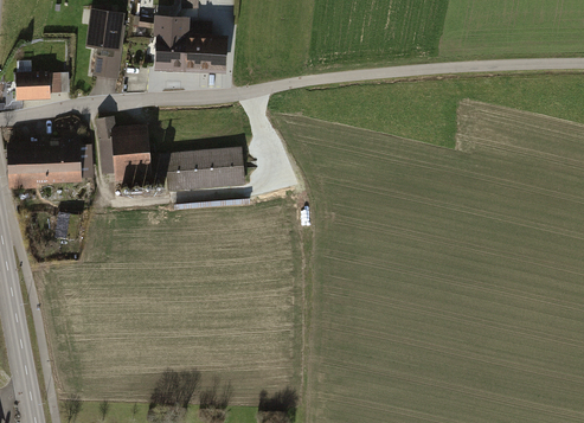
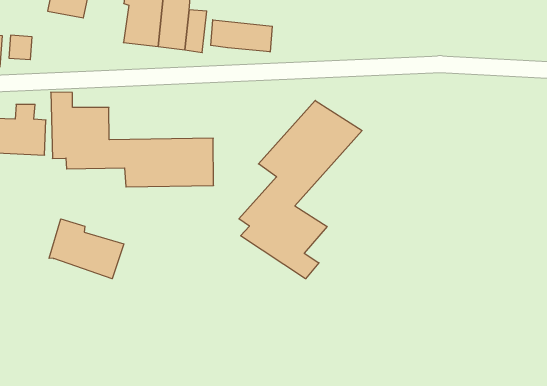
building: none -> [211,20,272,52]
building: none -> [239,100,362,279]
building: none -> [49,219,124,279]

